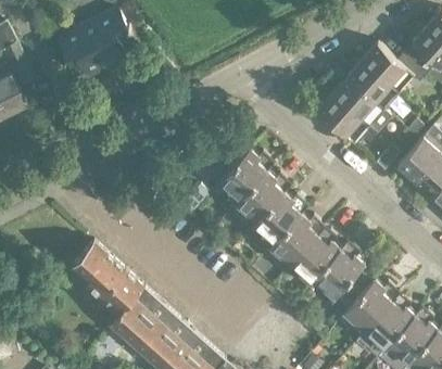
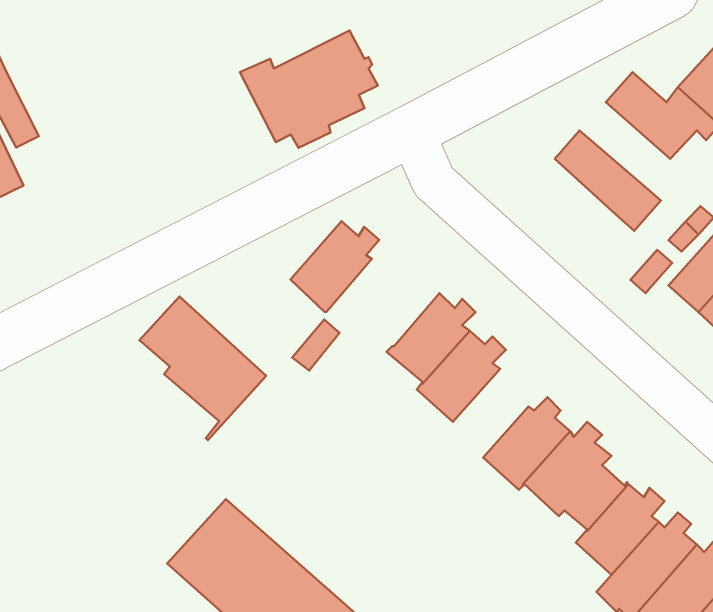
building: [55,11,135,78] -> [240,31,378,148]
building: [346,61,399,110] -> none
building: [317,93,369,143] -> none
building: [219,149,270,201] -> [290,221,379,312]
building: [270,214,320,265] -> none
building: [71,243,143,326] -> [140,297,266,440]

